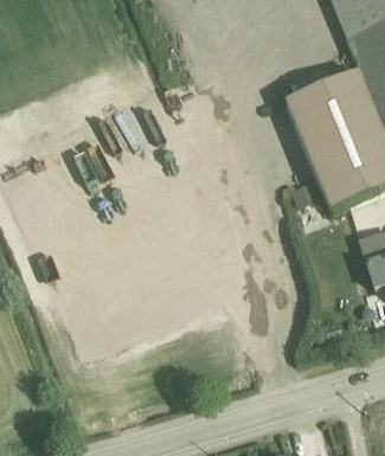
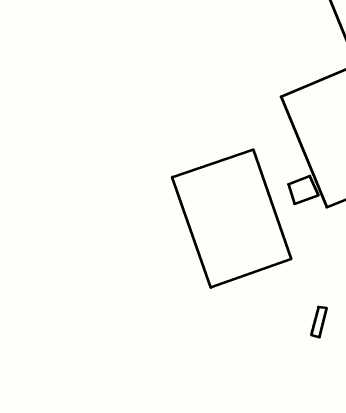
building: none -> [172,150,291,288]

